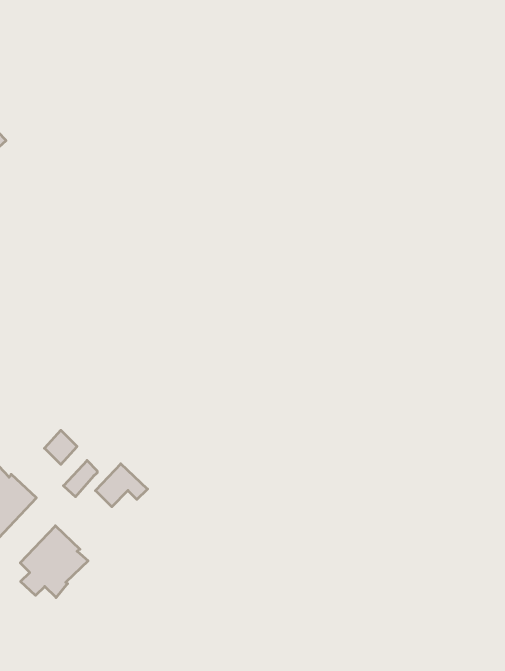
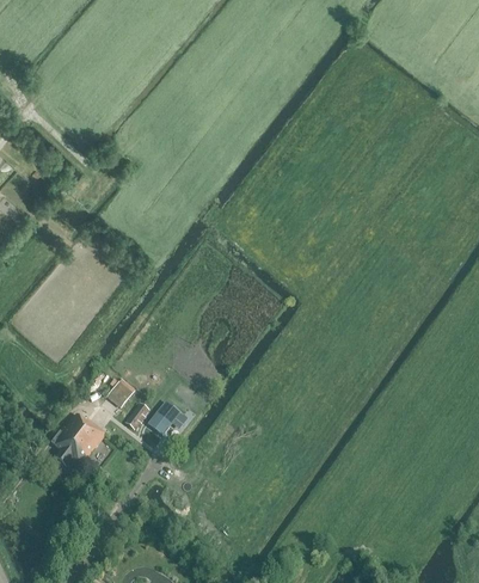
building: [20,526,88,598] -> none

